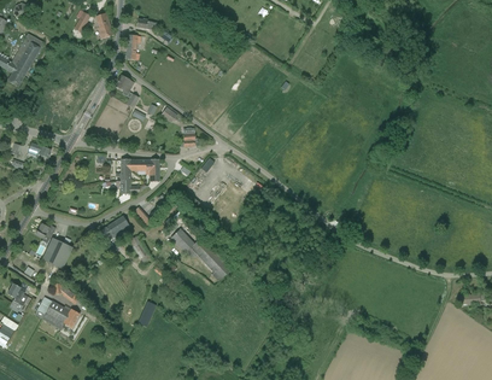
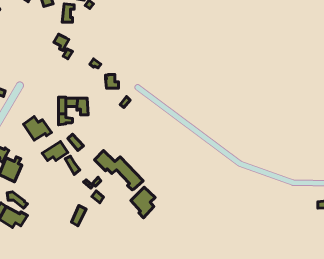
building: none -> [24,116,51,140]
building: none -> [131,187,155,218]

